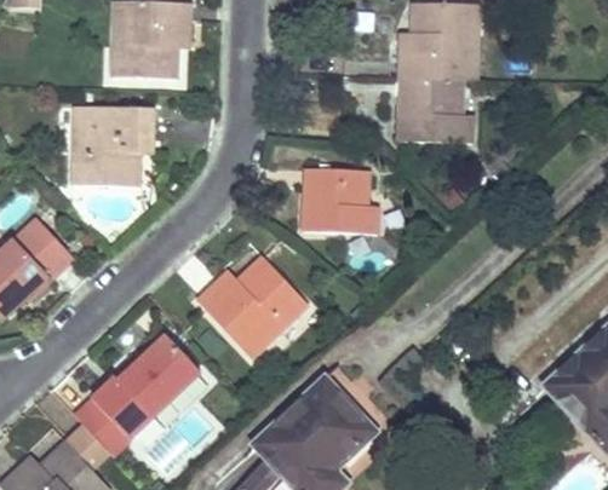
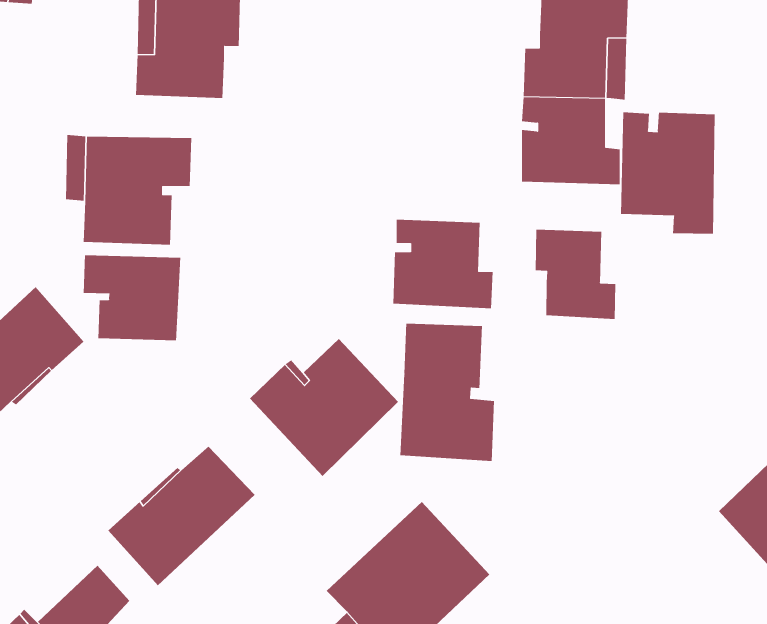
building: none -> [620,112,715,235]
building: none -> [535,229,616,320]
building: none -> [83,255,181,341]
building: none -> [400,323,495,462]

